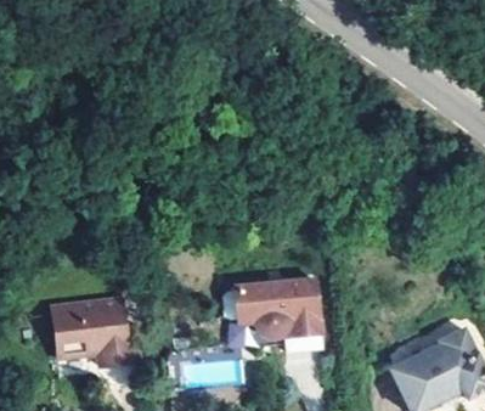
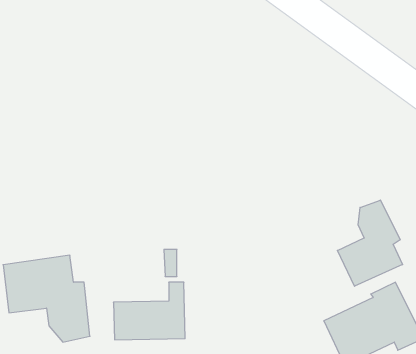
building: none -> [337,200,403,286]
building: [237,280,326,353] -> none

